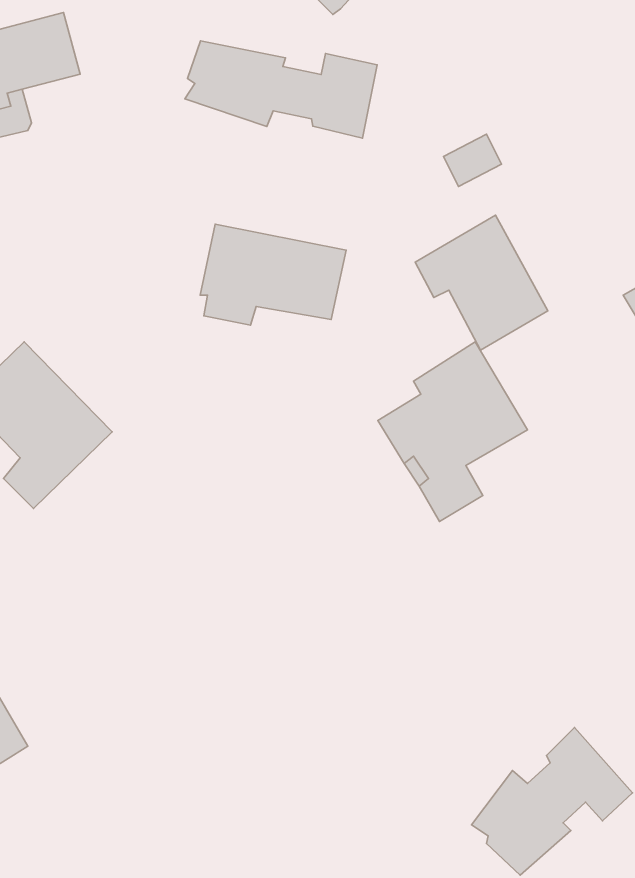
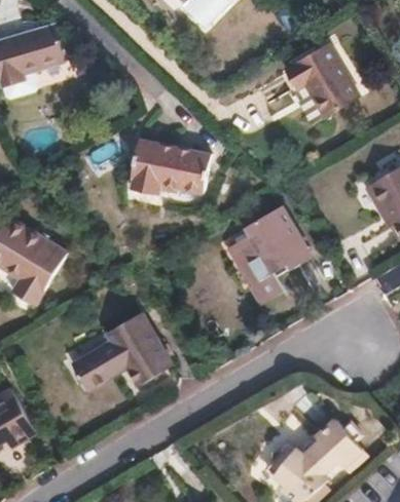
building: [185,41,377,138] -> none
building: [415,215,548,350] -> [286,42,359,116]
building: none -> [72,311,172,386]

